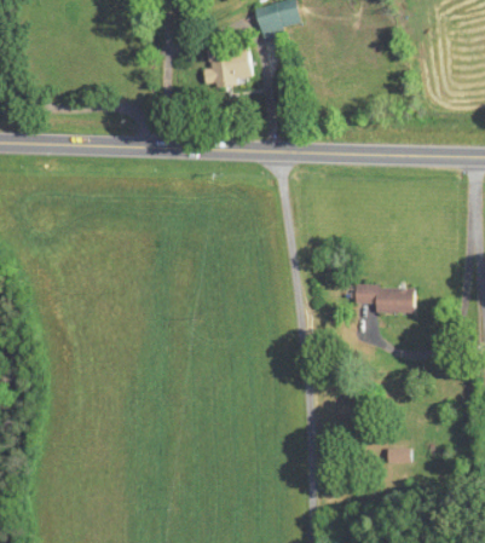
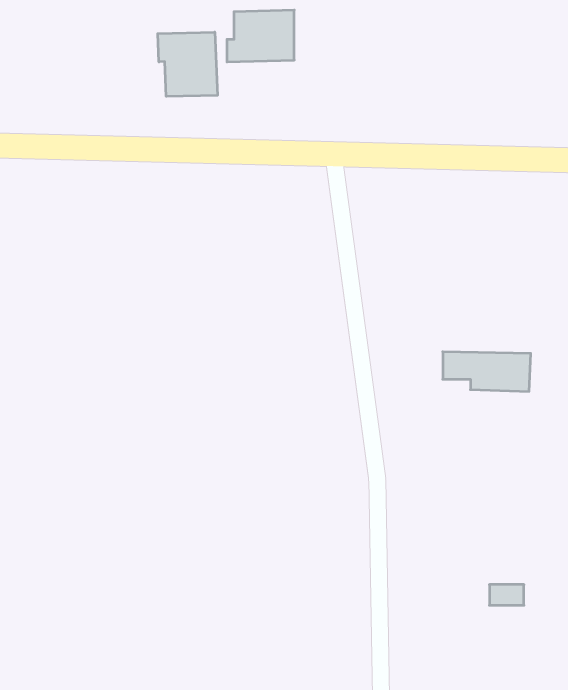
building: none -> [158,32,217,96]

